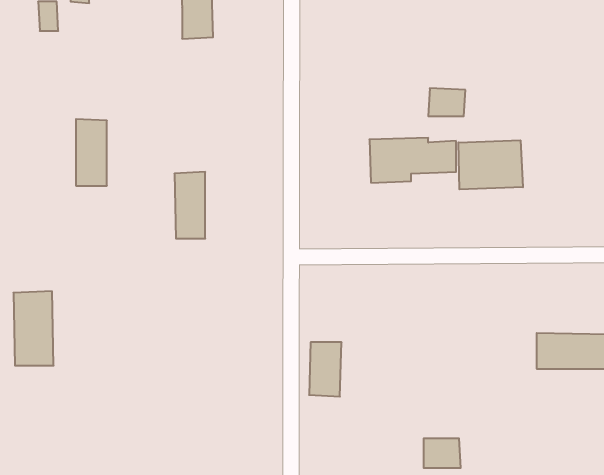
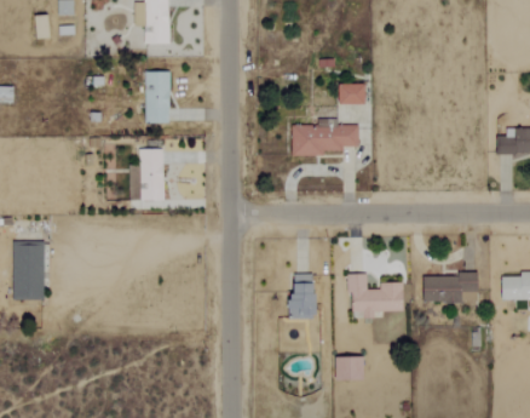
building: [76,119,107,186] -> [145,70,169,122]
building: [458,140,523,189] -> none
building: none -> [350,274,403,317]
building: [309,342,342,397] -> [288,274,313,316]

